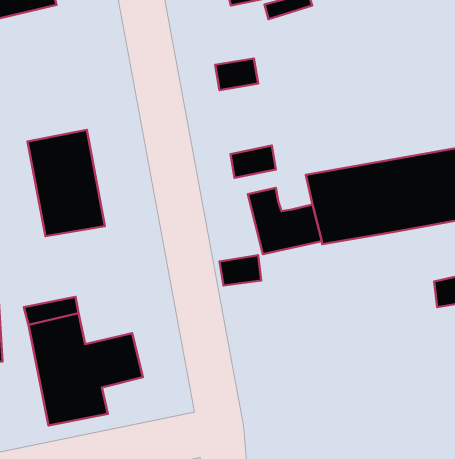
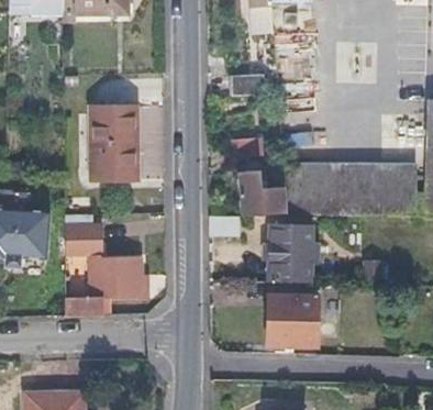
building: none -> [268,225,319,278]
building: none -> [267,292,318,344]

